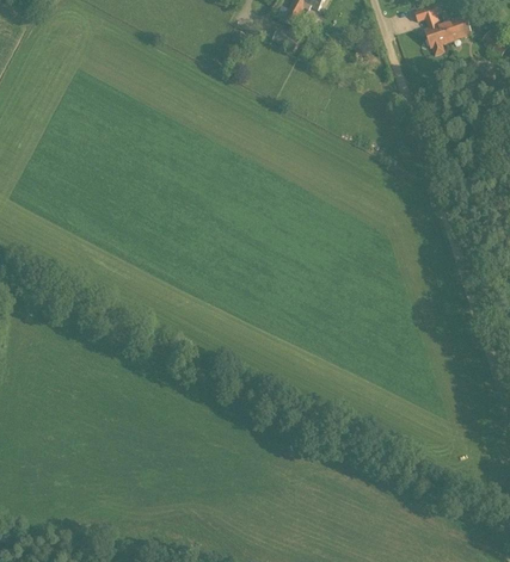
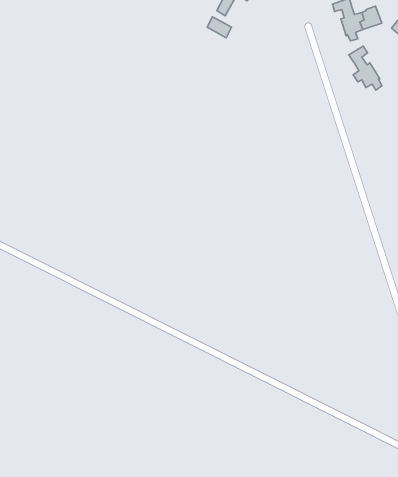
building: none -> [349,46,382,90]

